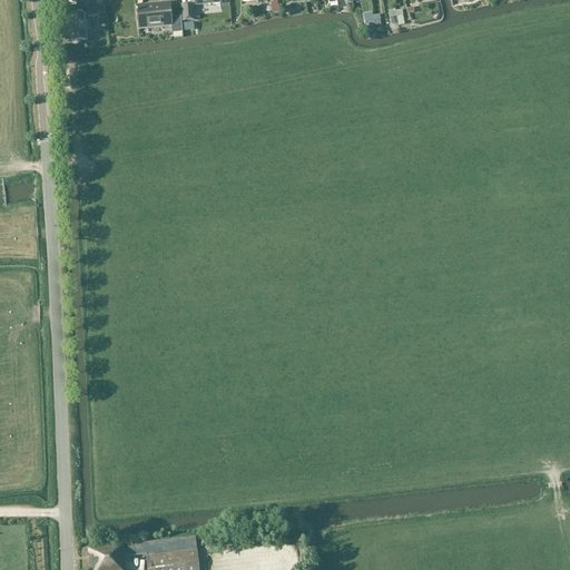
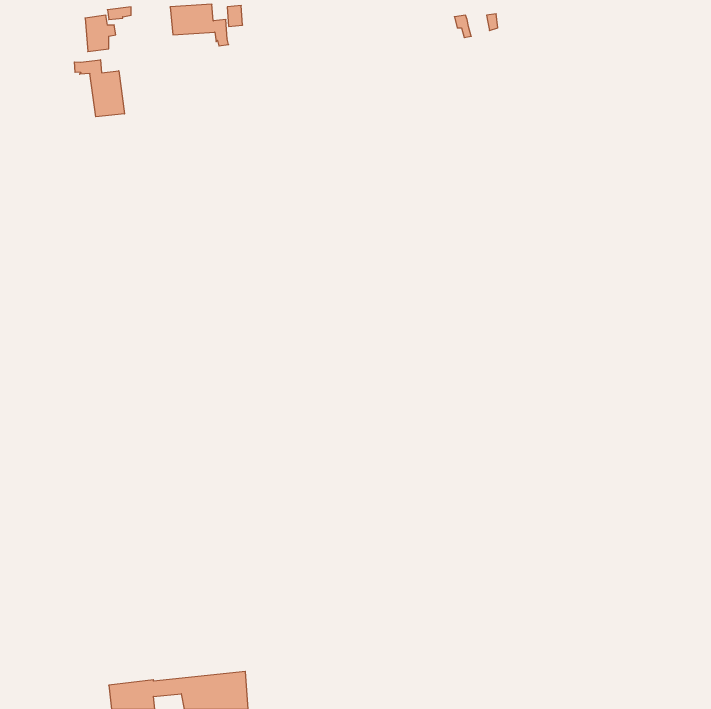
building: none -> [74,60,124,117]

